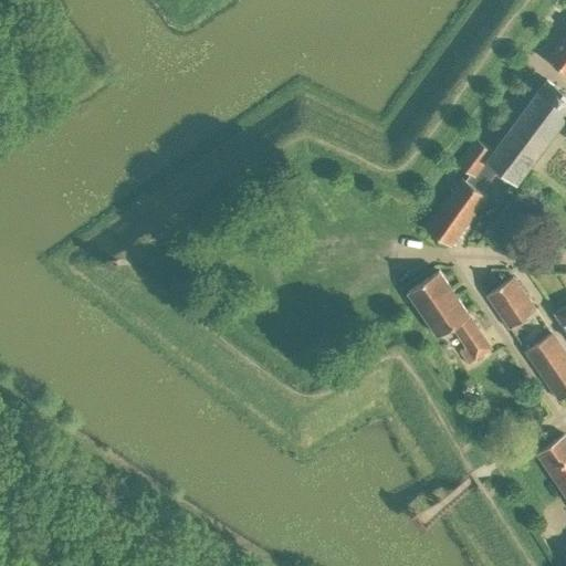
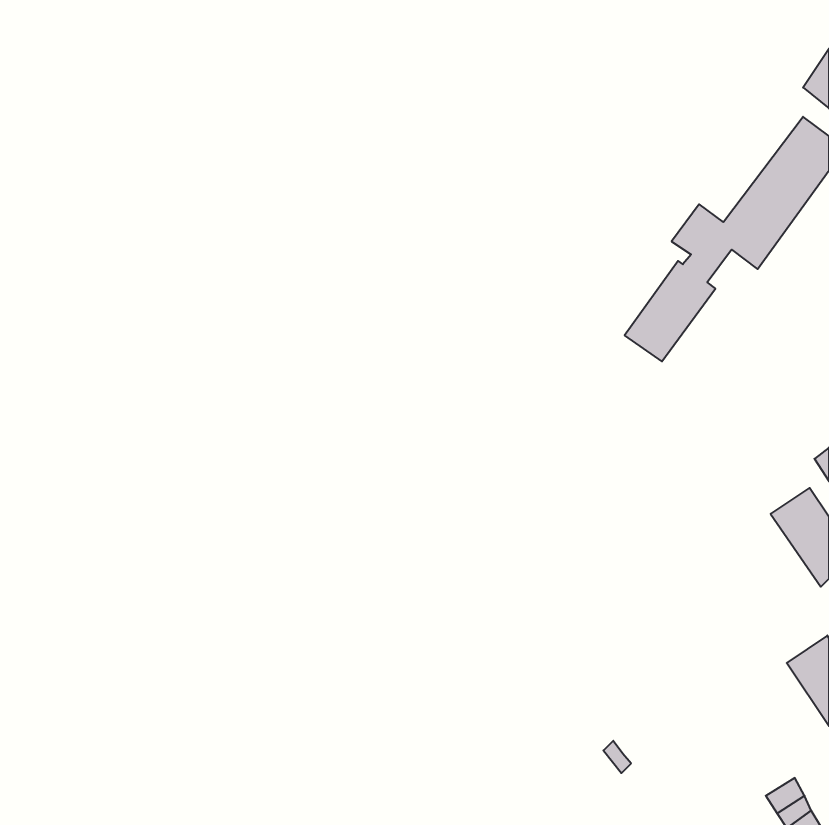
building: [407,273,492,366] -> none
building: [486,279,536,329] -> none

